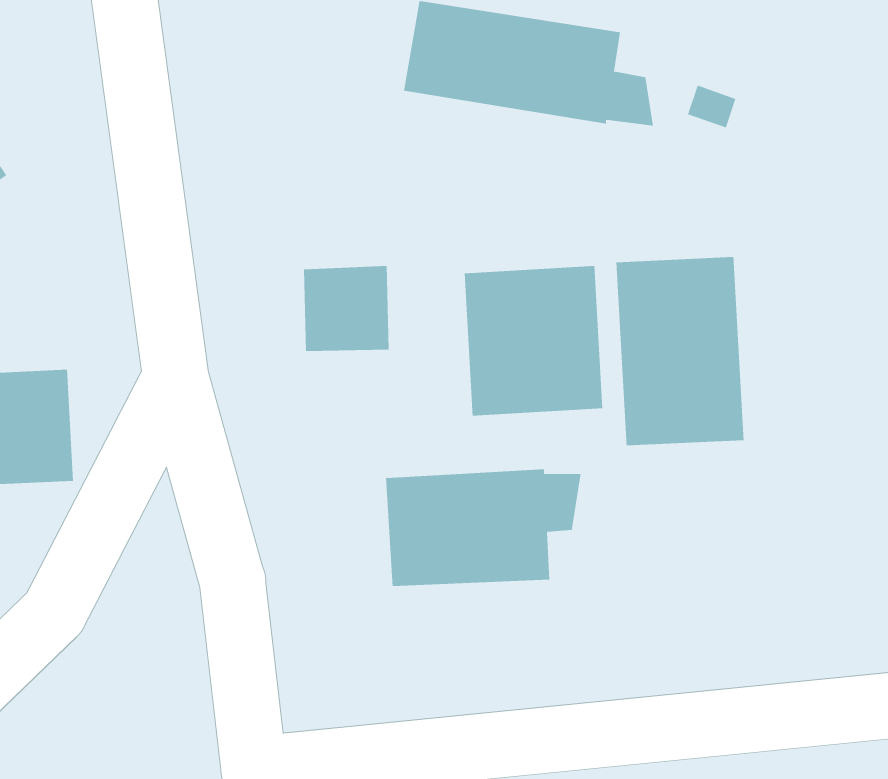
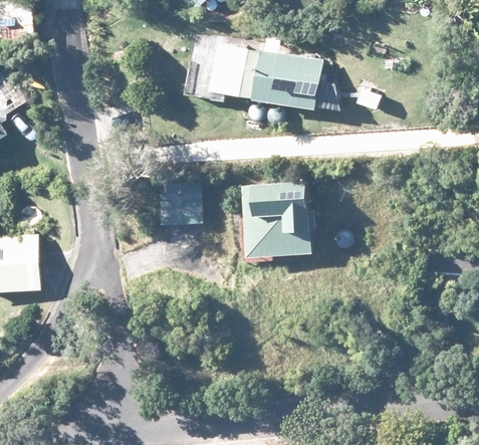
building: [616,256,744,446] -> none
building: [386,469,581,587] -> none

